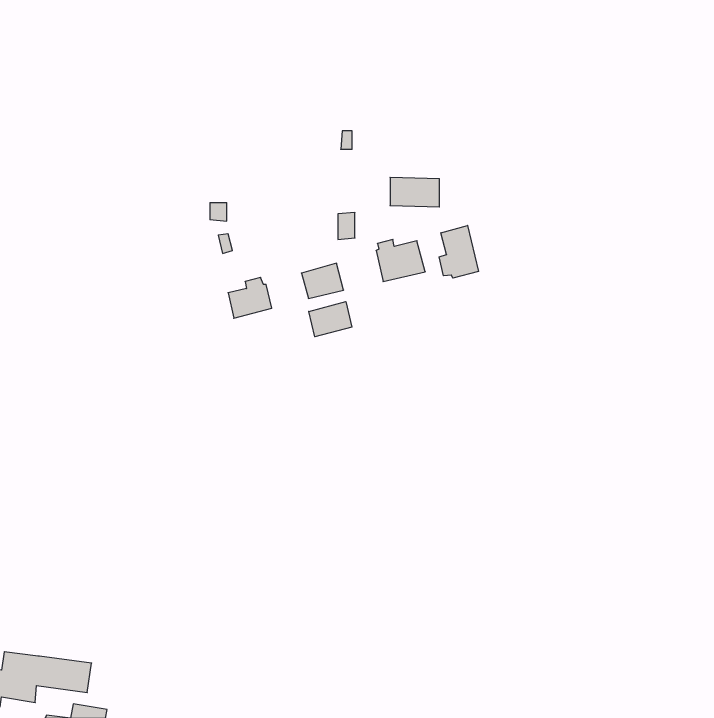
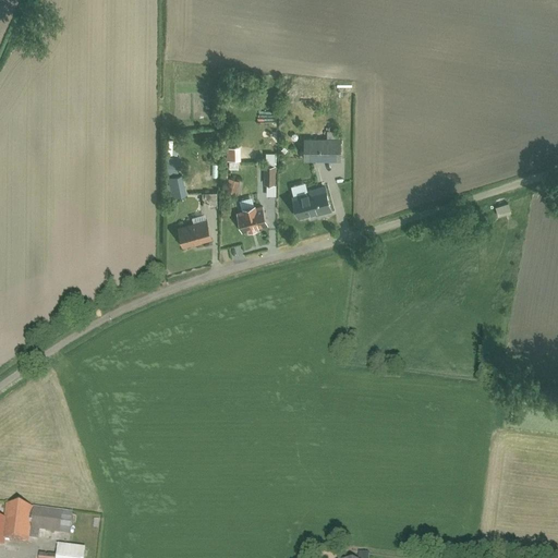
building: [439,225,478,278] -> none
building: [309,302,352,337] -> none

